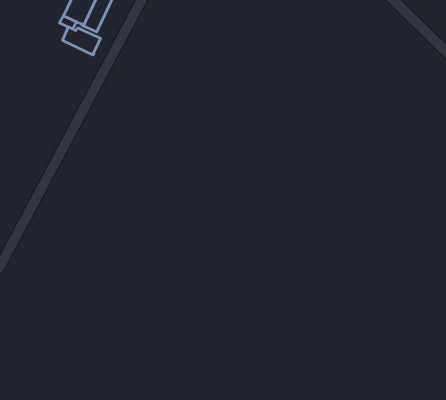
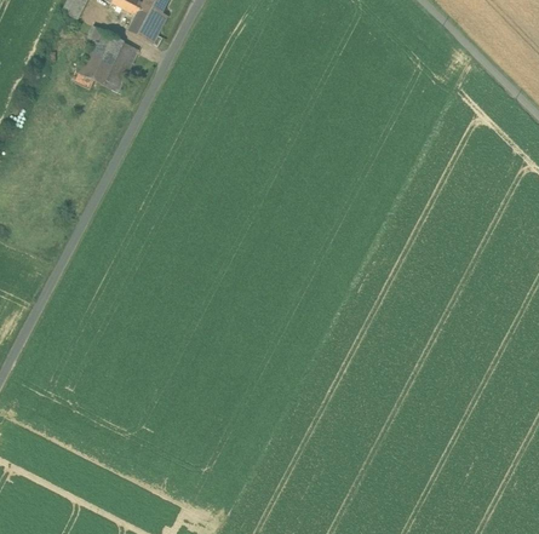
building: [63,27,100,55] -> none

